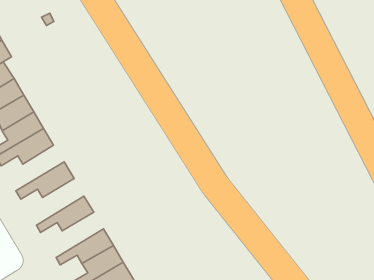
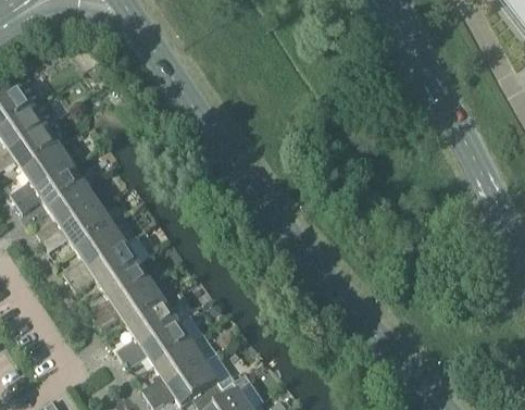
building: none -> [65,215,137,279]
building: none -> [91,261,153,320]
building: none -> [117,300,179,358]

